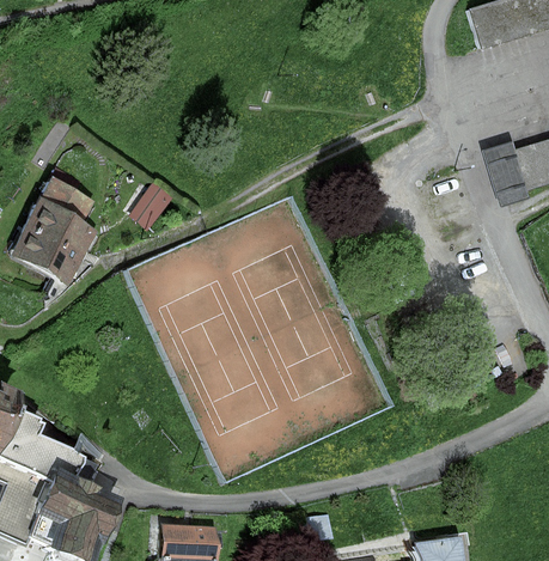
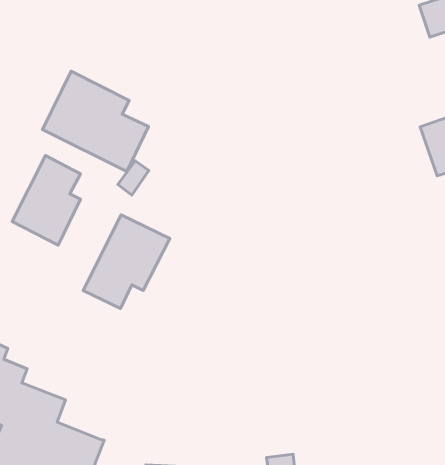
building: none -> [43,71,149,172]
building: none -> [83,215,170,308]

